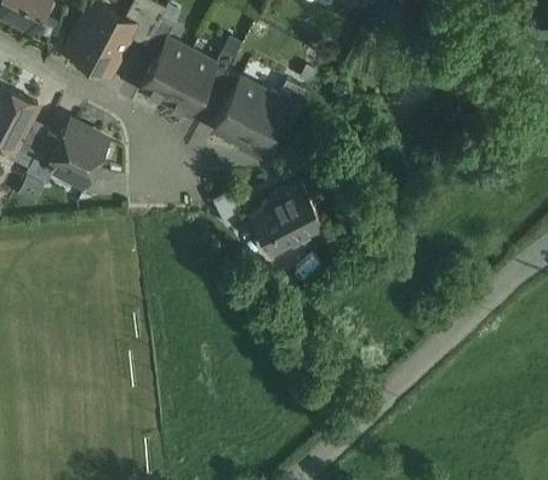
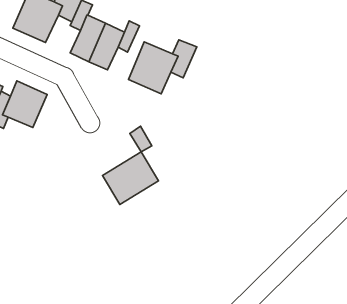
building: [251,184,325,252] -> [102,152,158,204]

